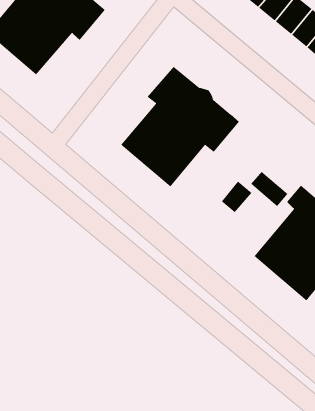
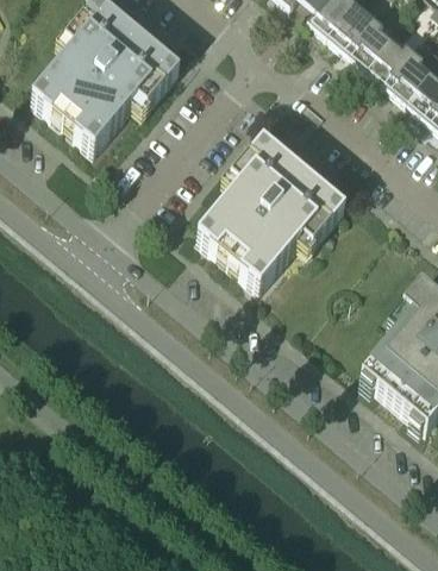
building: [250,171,289,207] -> none
building: [221,181,252,213] -> none

